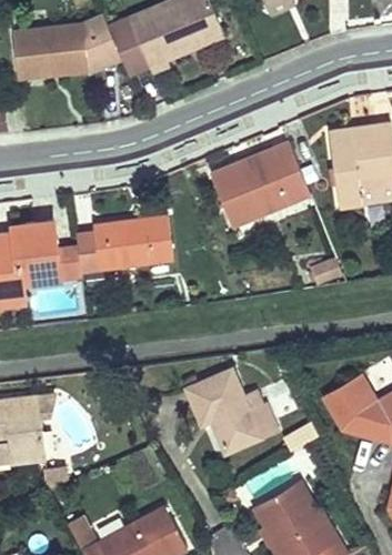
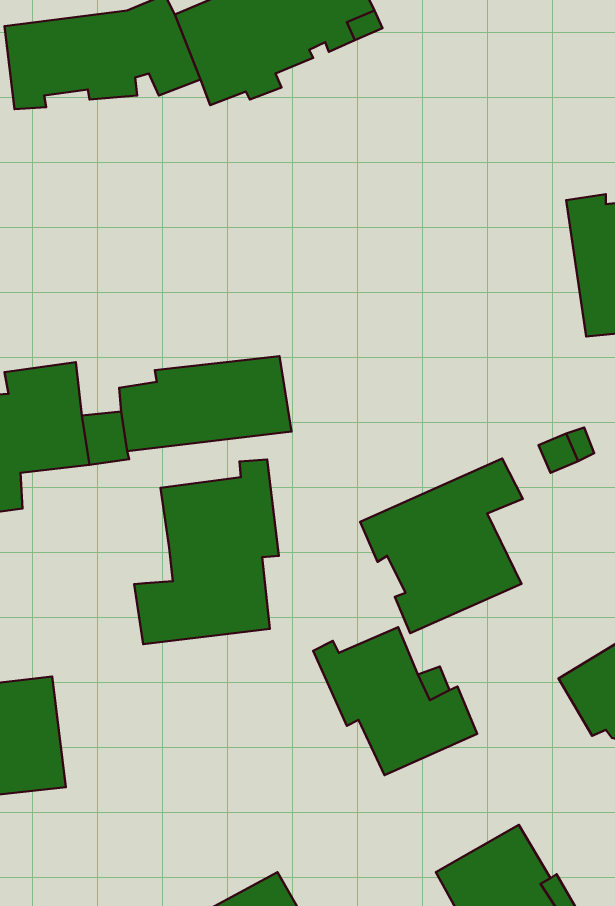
building: [209,141,309,225] -> none
building: none -> [360,458,523,633]
building: none -> [134,459,279,644]

